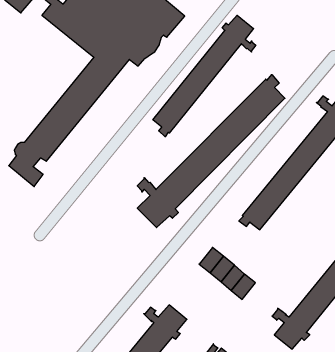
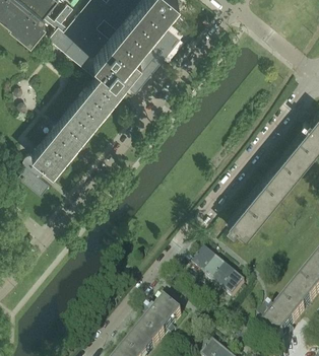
building: [153,15,256,137] -> none
building: [137,75,285,228] -> none

